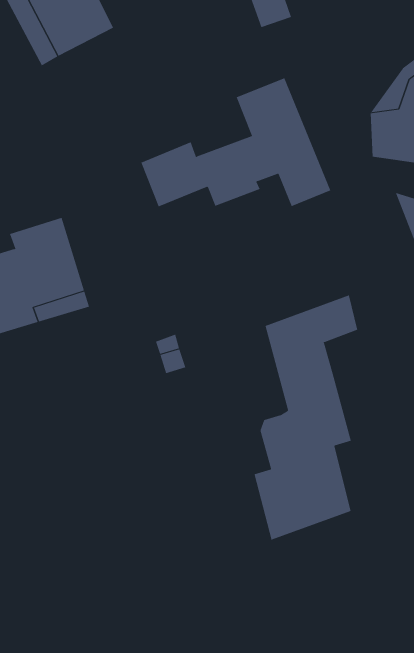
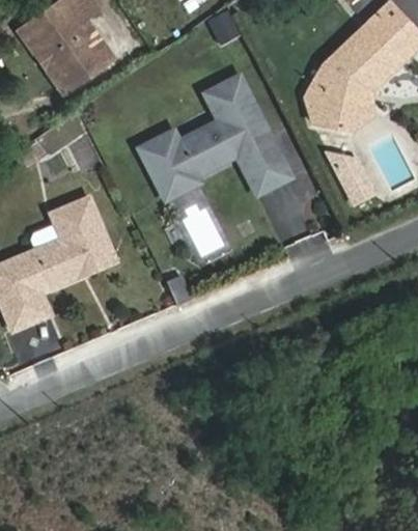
building: none -> [158,148,295,202]
building: [254,295,358,540] -> none

